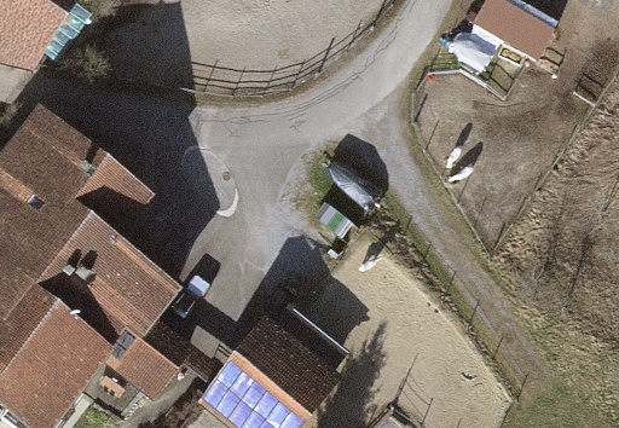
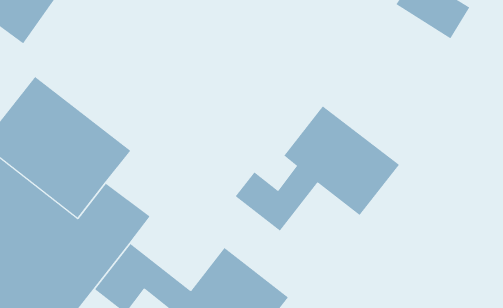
building: none -> [235,105,400,232]

